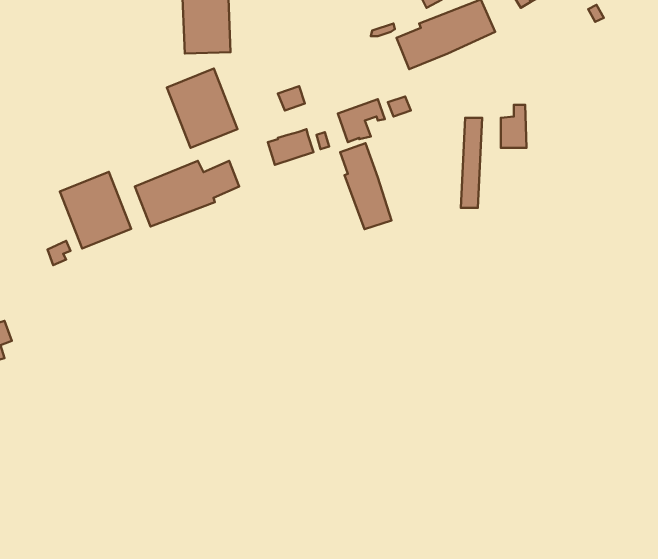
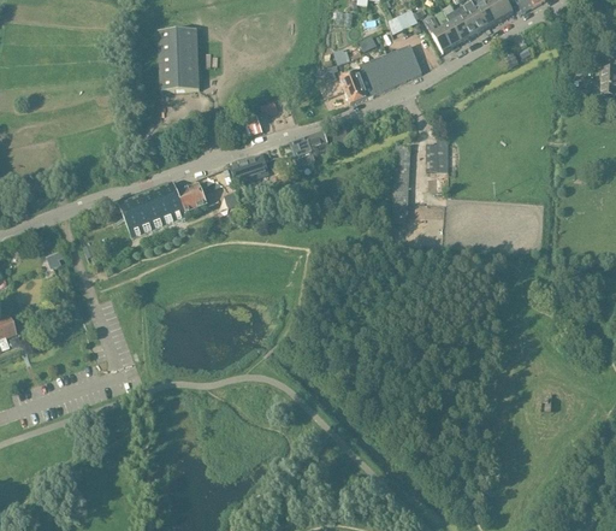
building: [167,69,238,148] -> none
building: [340,143,391,229] -> none
building: [60,172,131,249] -> none

